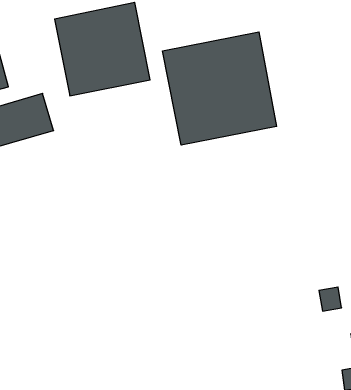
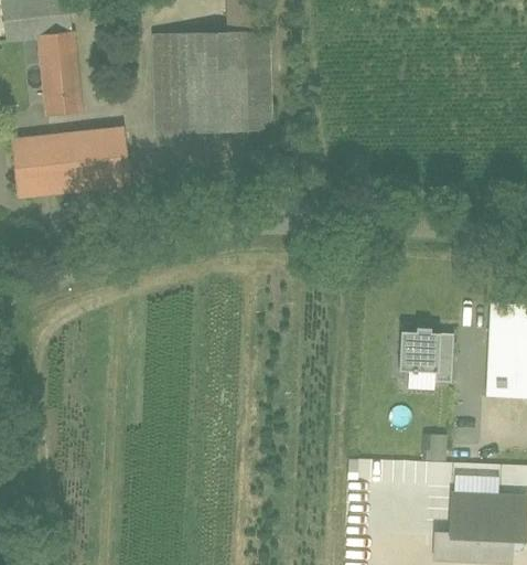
building: [163,32,277,145] -> none
building: none -> [400,330,453,383]

